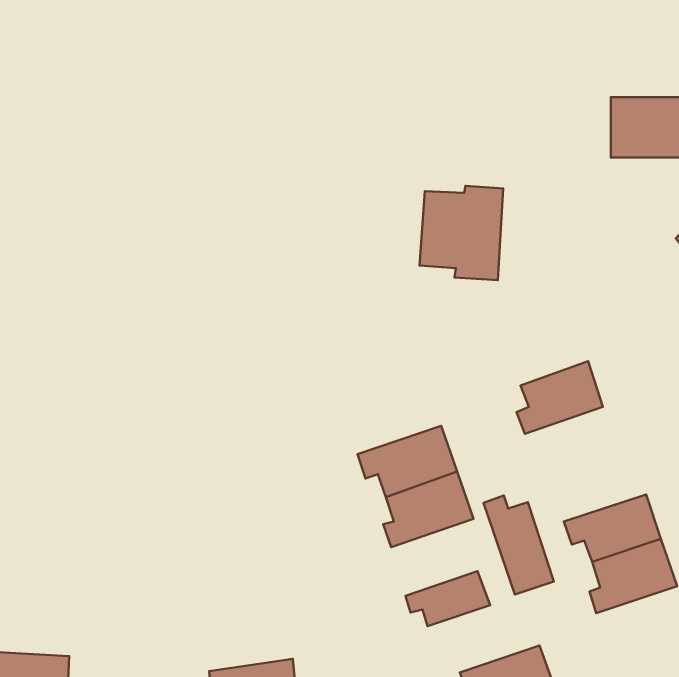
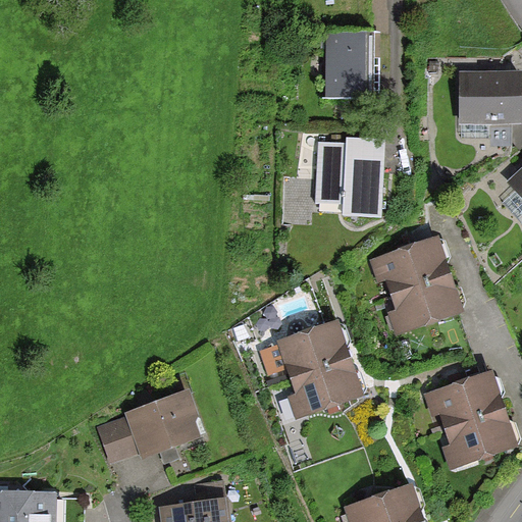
building: none -> [328,33,367,95]
building: none -> [374,242,446,293]
building: [483,495,554,594] -> none
building: none -> [100,398,198,459]
building: [405,571,490,626] -> none

